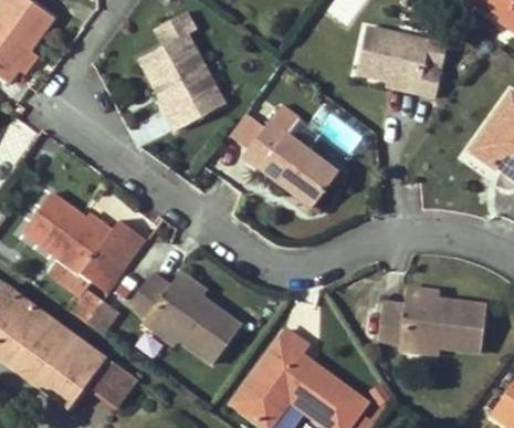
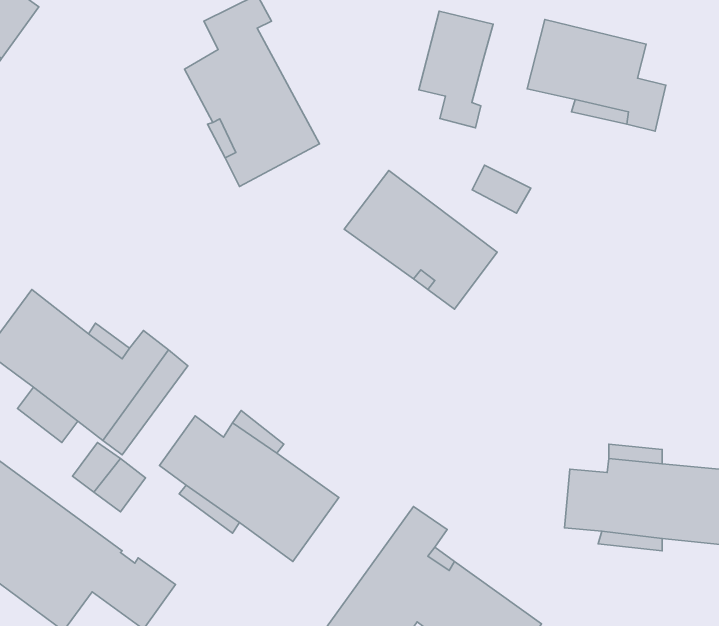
building: none -> [419,11,493,128]

